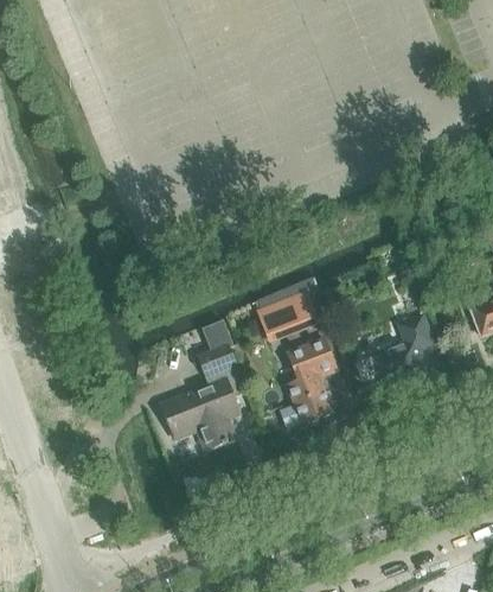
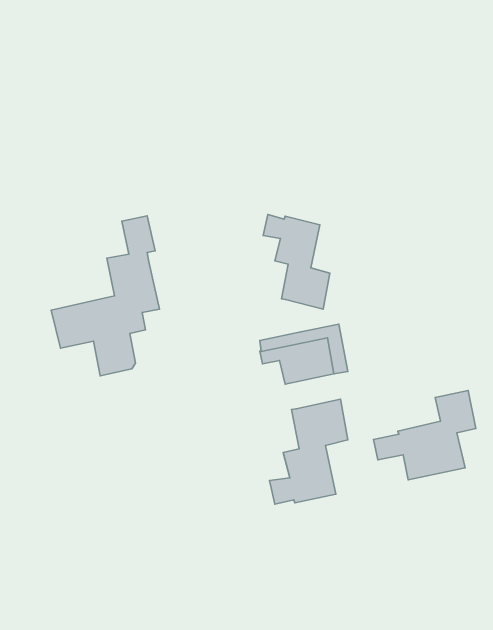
building: none -> [263,215,330,309]
building: [161,319,245,450] -> [51,216,160,376]

